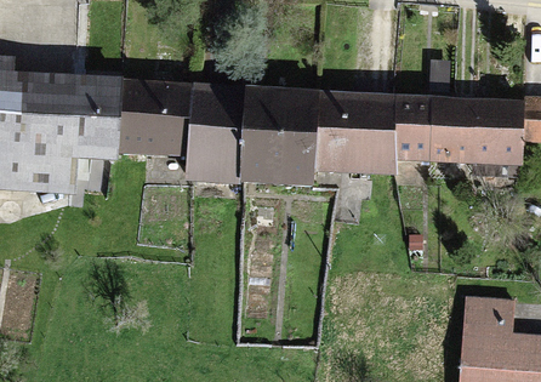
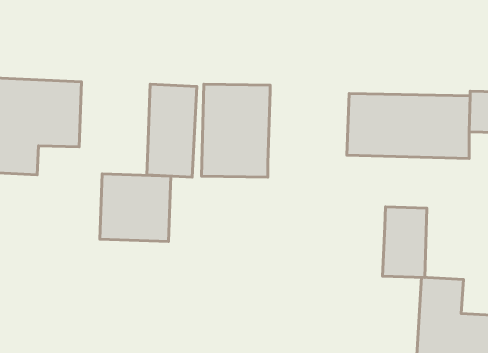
building: [113,86,187,156] -> [100,174,171,241]
building: [309,96,394,173] -> none
building: none -> [383,207,427,277]

